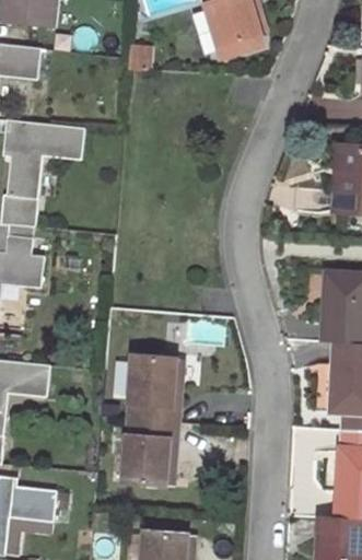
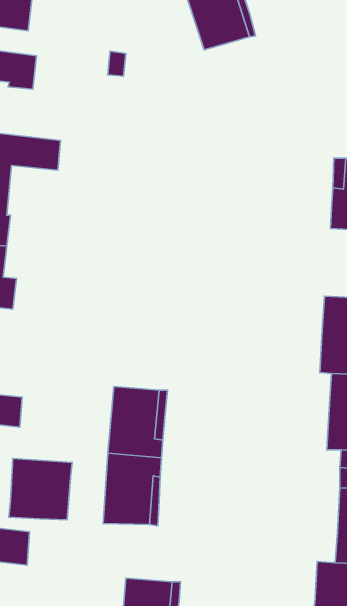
building: none -> [9,458,72,520]

